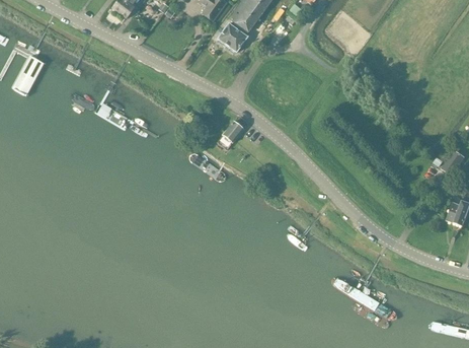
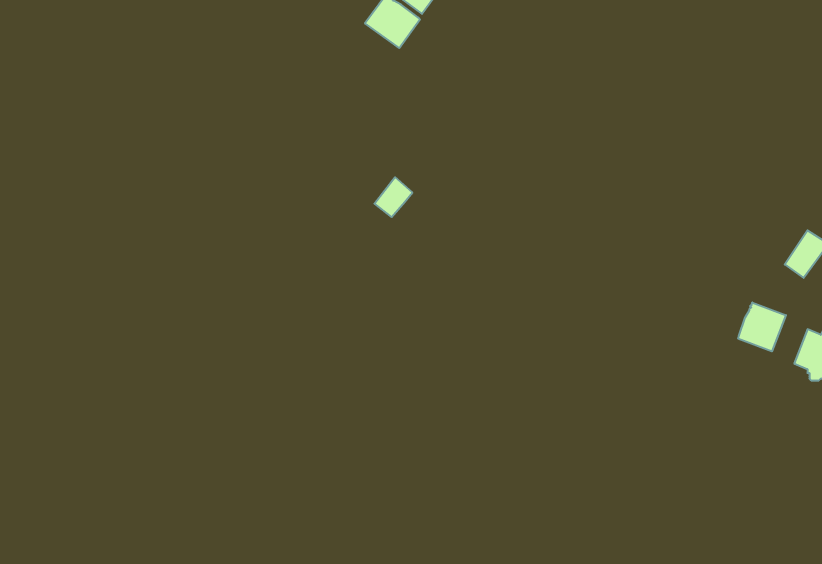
building: none -> [738,302,786,351]

